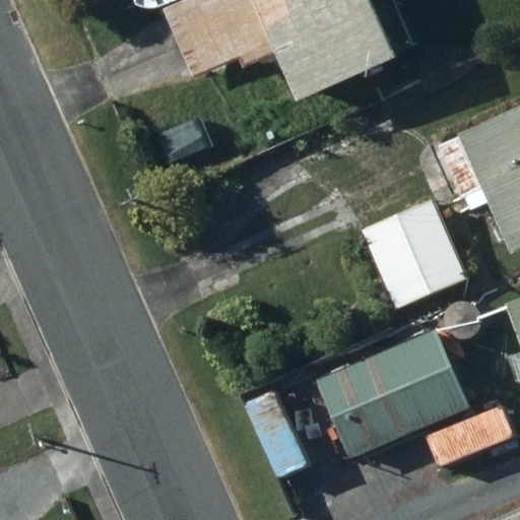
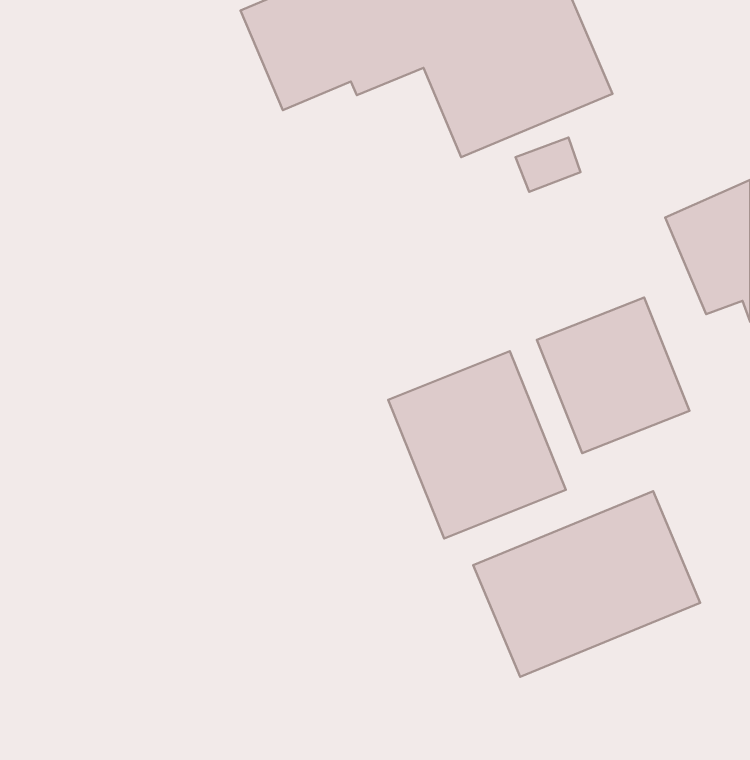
building: none -> [388,351,566,538]

